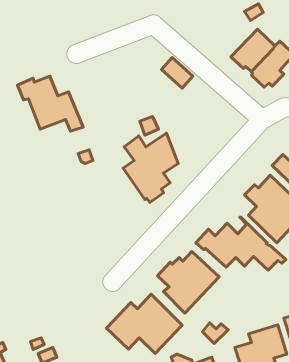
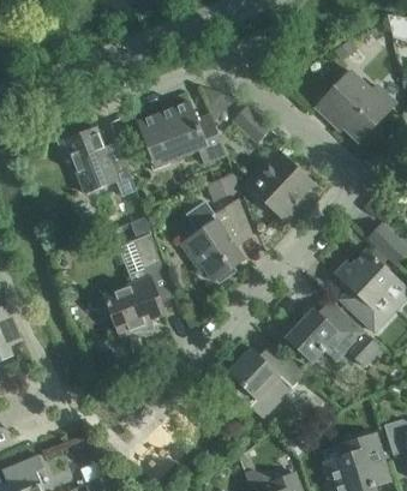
building: none -> [136,102,226,170]
building: none -> [245,149,313,222]
building: none -> [103,234,174,336]
building: [106,294,182,354] -> none

